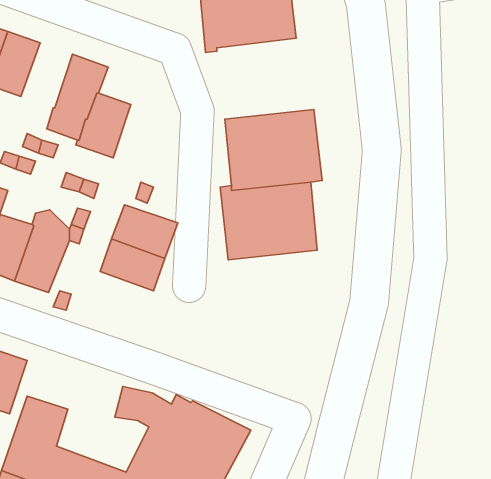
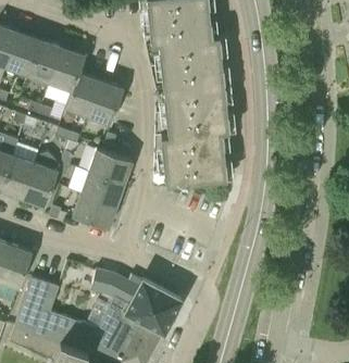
building: none -> [159,36,224,90]
building: none -> [27,39,62,83]
building: none -> [89,80,124,124]
building: none -> [73,192,116,228]

